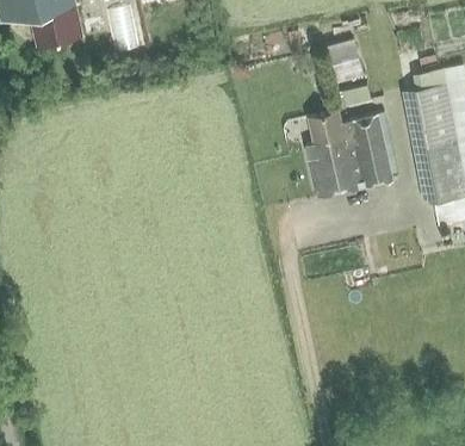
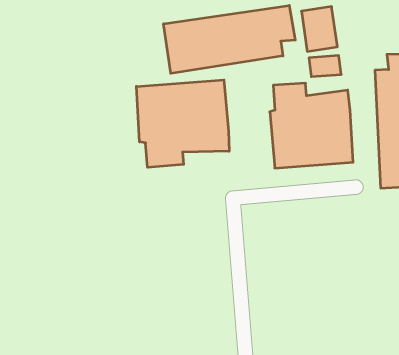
building: none -> [164,5,295,73]
building: none -> [136,80,229,167]

